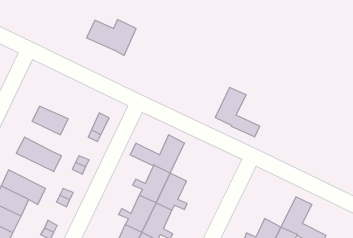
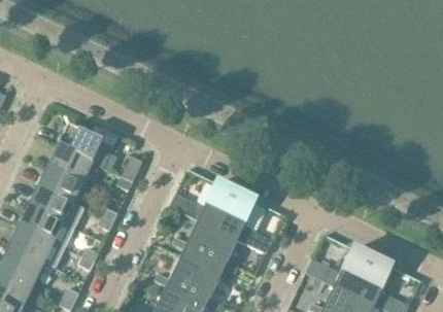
building: [87,19,136,55] -> [57,125,117,169]
building: [215,87,260,137] -> [217,193,272,253]
building: none -> [38,166,82,203]
building: none -> [19,205,74,248]
building: none -> [305,248,372,296]

